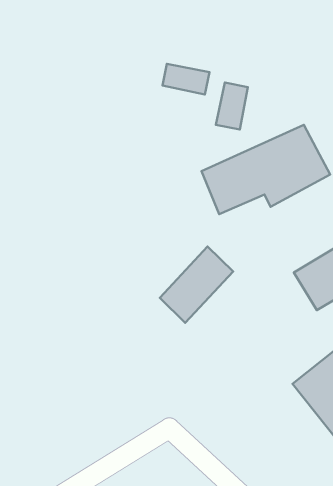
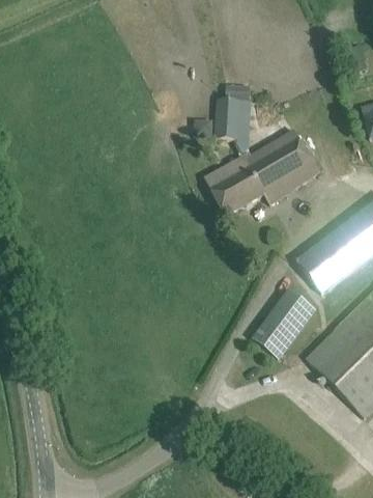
building: [163,64,210,95] -> none
building: [160,247,233,323] -> [254,287,316,357]

